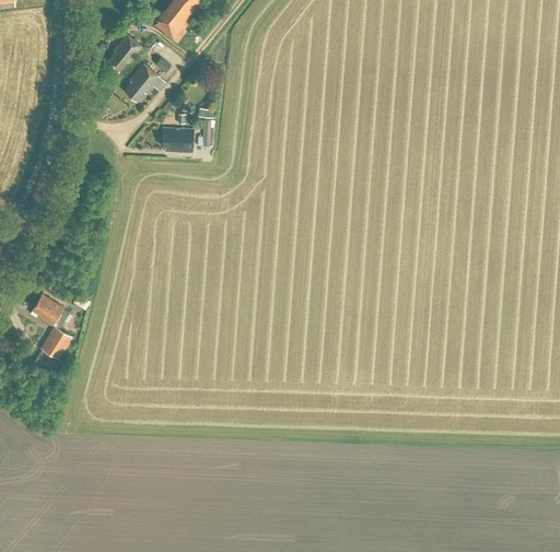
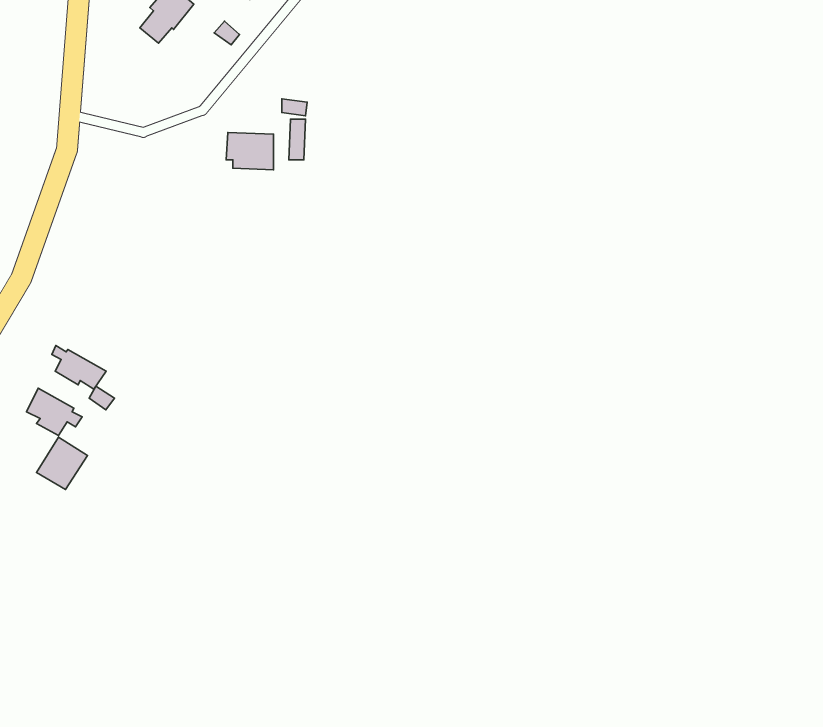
building: [124,63,158,101] -> none
building: none -> [52,346,106,389]

